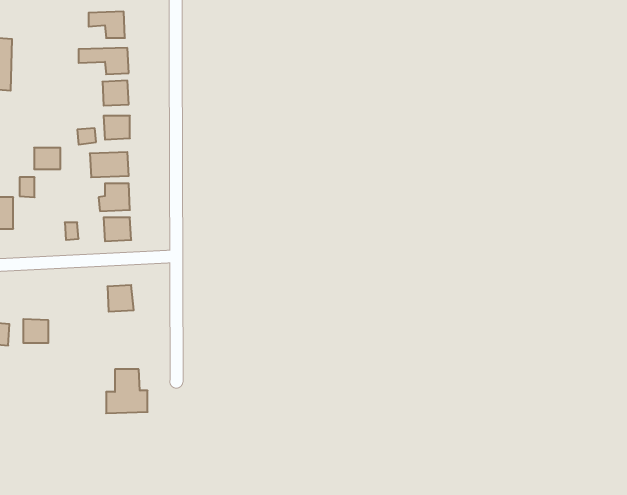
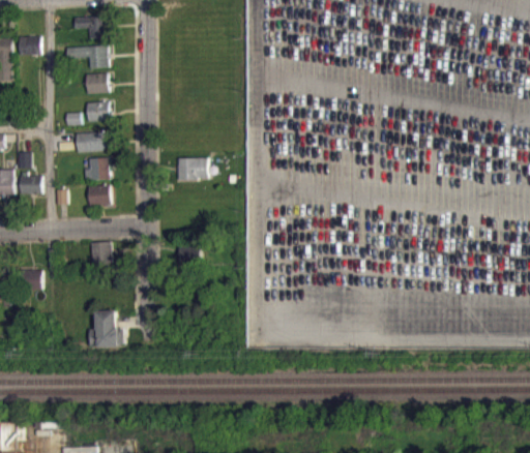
building: none -> [19,35,40,55]
building: [34,148,60,169] -> [19,176,40,193]
building: none -> [176,157,207,179]

